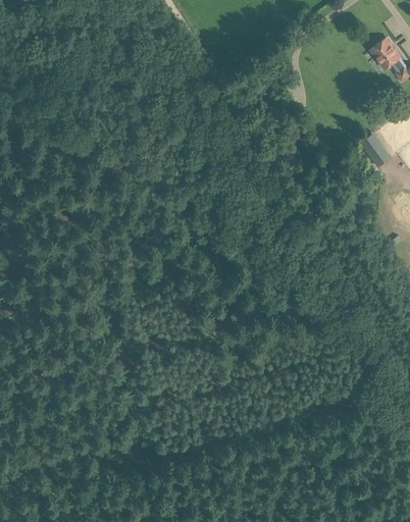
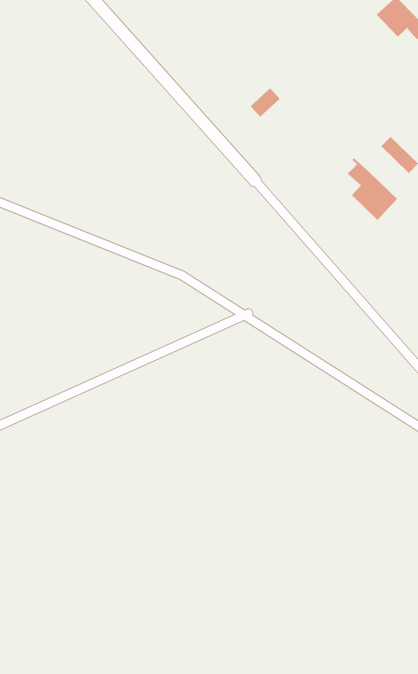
building: none -> [347,157,398,221]

